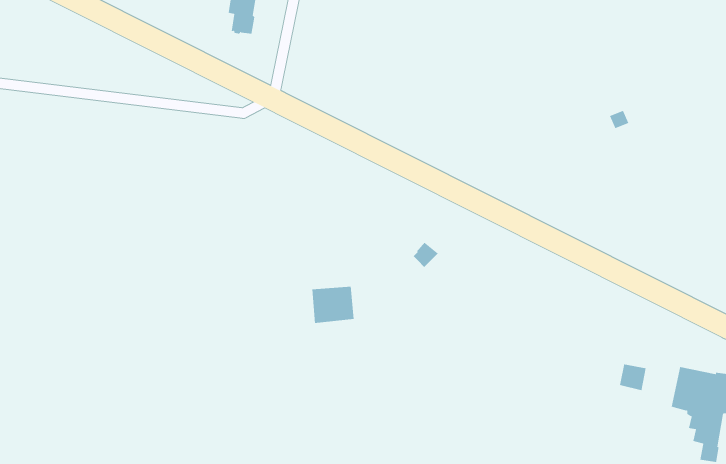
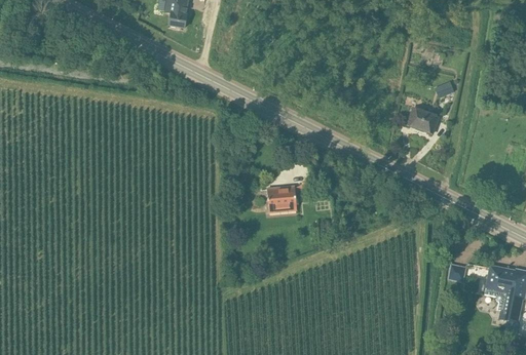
building: none -> [407,108,437,132]
building: [311,286,354,323] -> [265,186,296,212]

